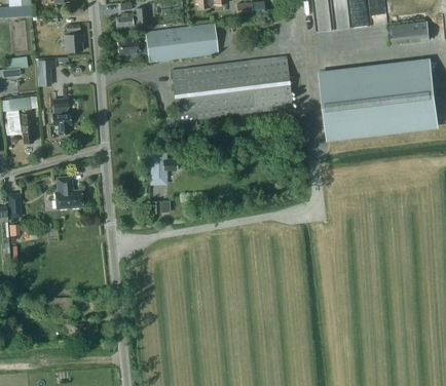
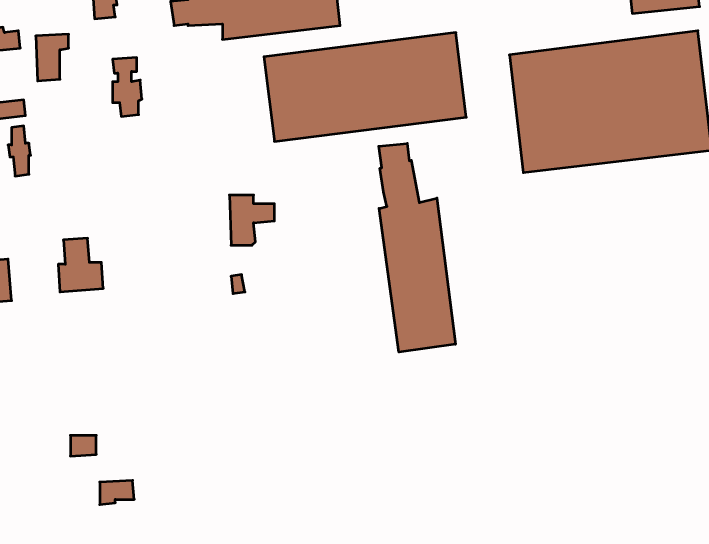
building: [52,100,70,134] -> [113,58,142,116]
building: none -> [379,143,455,352]

